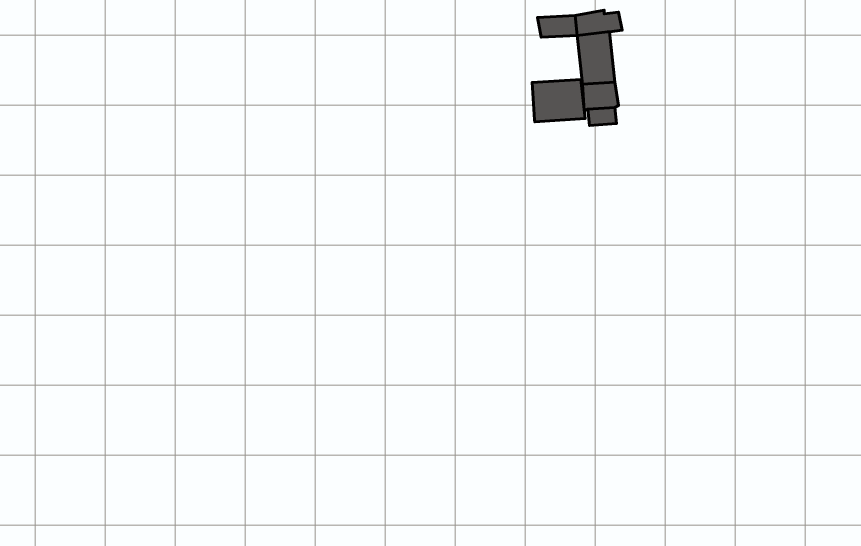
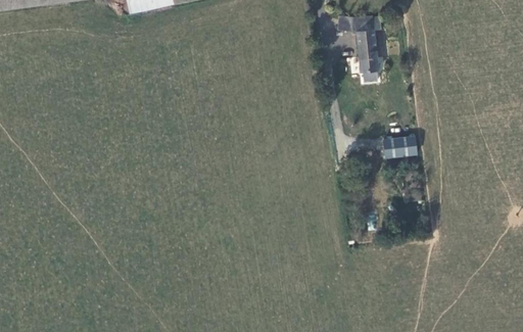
building: [532,80,585,122] -> none
building: none -> [382,135,415,156]

